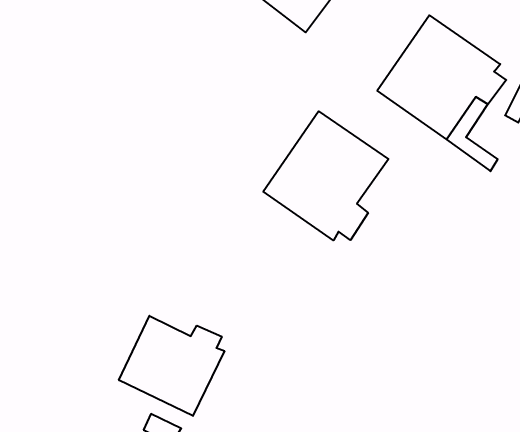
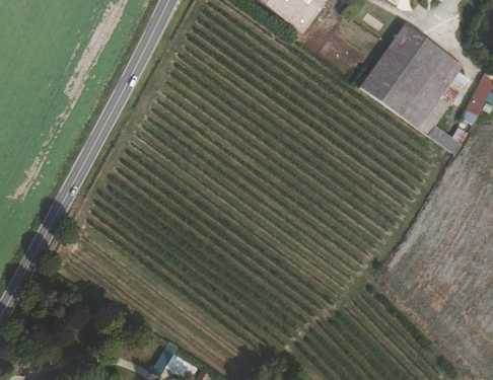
building: [263,111,388,240] -> none
building: [119,316,224,416] -> none

